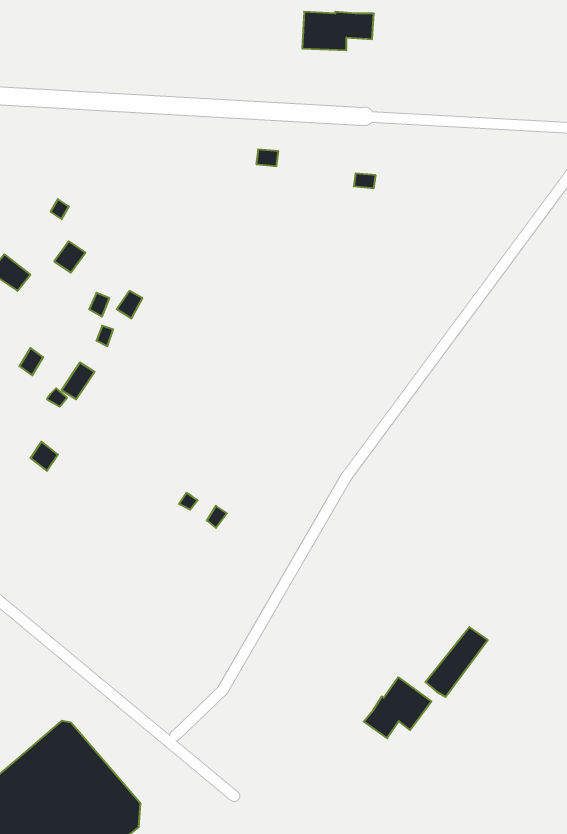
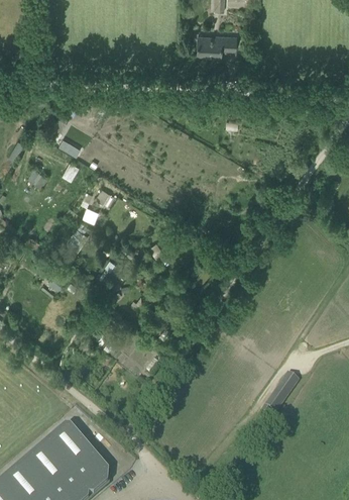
building: [364,677,431,738] -> none

